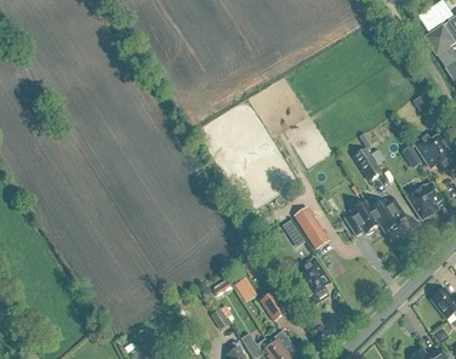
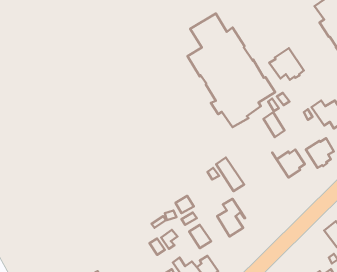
building: none -> [187,13,275,127]
building: none -> [269,48,304,80]
building: [344,200,384,235] -> none

